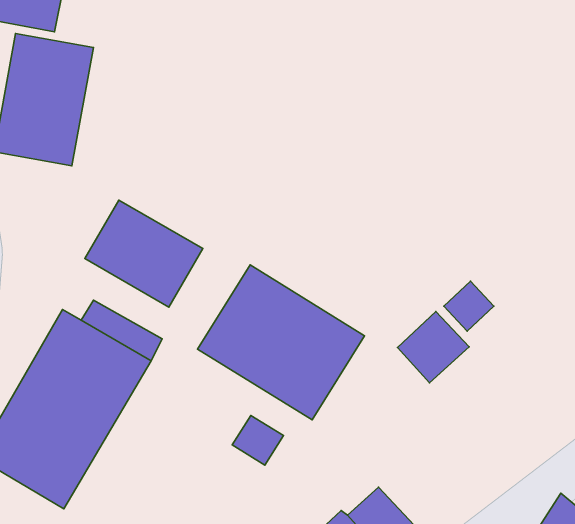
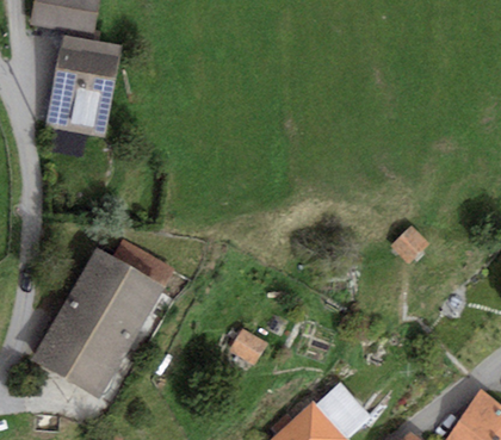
building: [85,200,203,307] -> none
building: [198,265,364,420] -> none
building: [398,311,469,383] -> none

